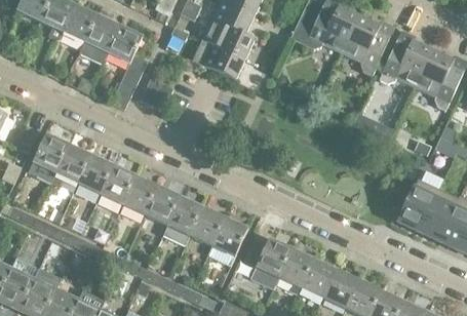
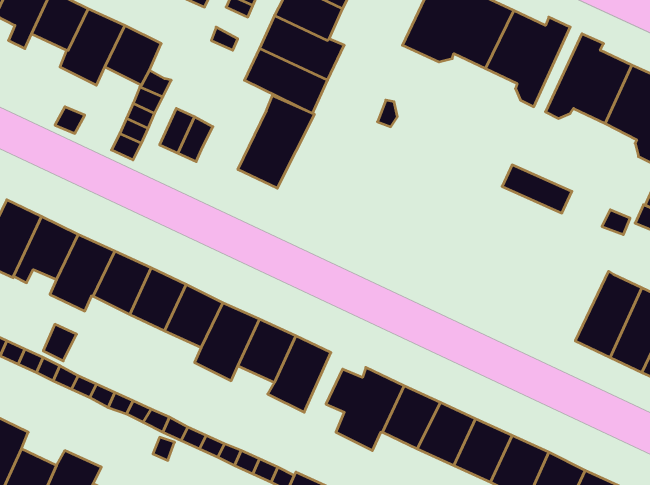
building: none -> [238,95,314,188]

